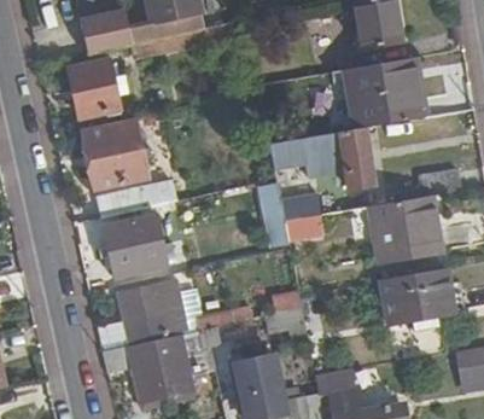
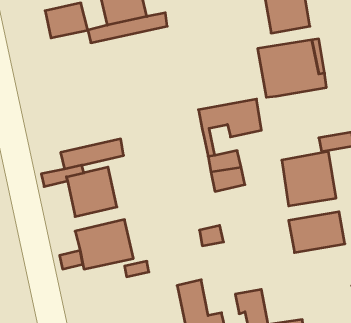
building: [68,60,121,118] -> none
building: [83,122,147,185] -> none
building: [342,127,374,186] -> none
building: [103,343,180,400] -> none

